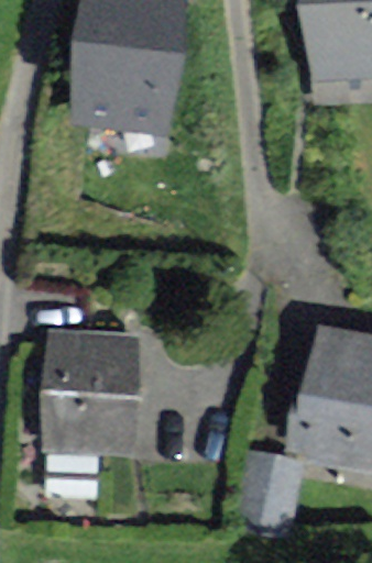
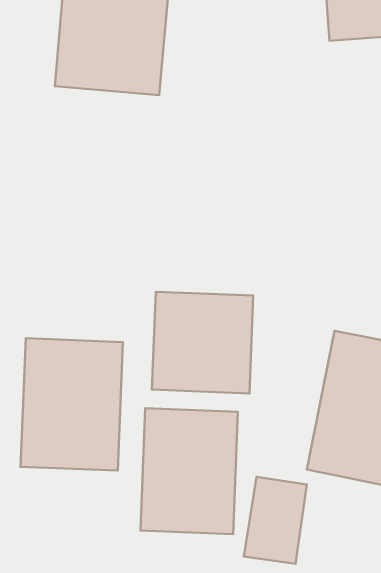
building: none -> [152,292,253,393]
building: none -> [141,408,238,534]

